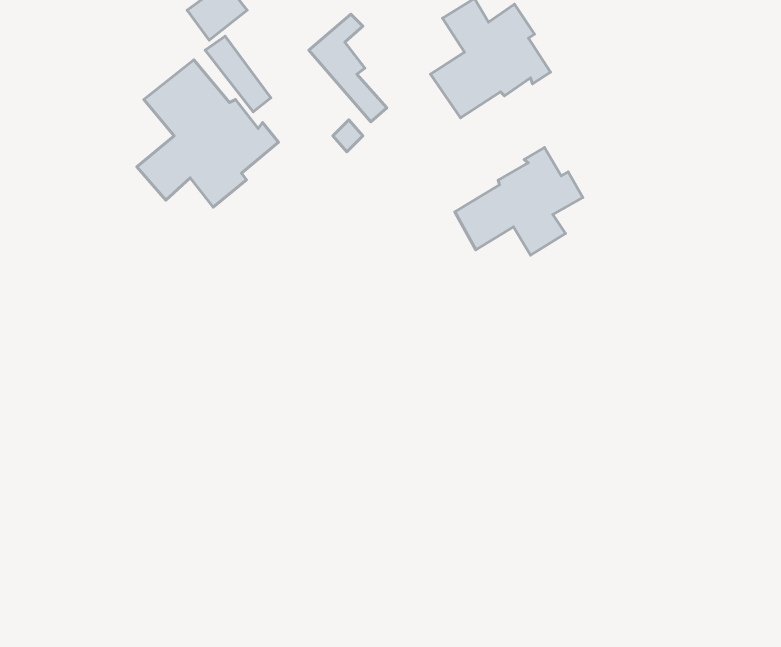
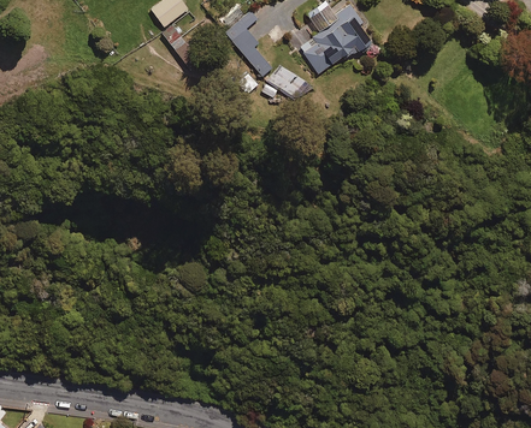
building: [137,60,279,207] -> none
building: [455,147,583,255] -> none

